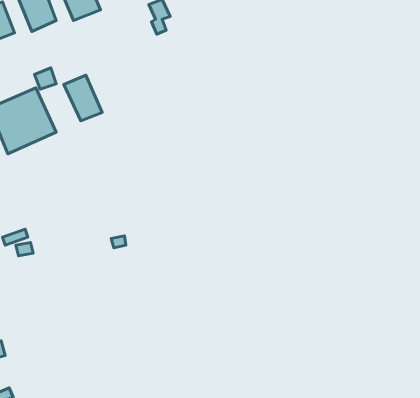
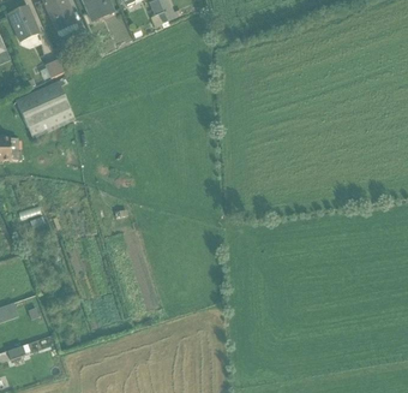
building: [64,75,102,121] -> none

